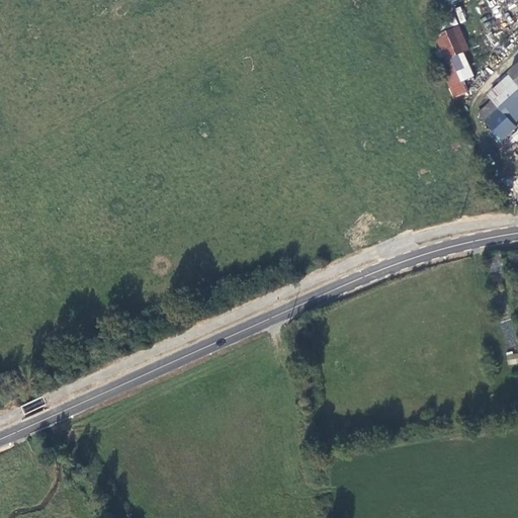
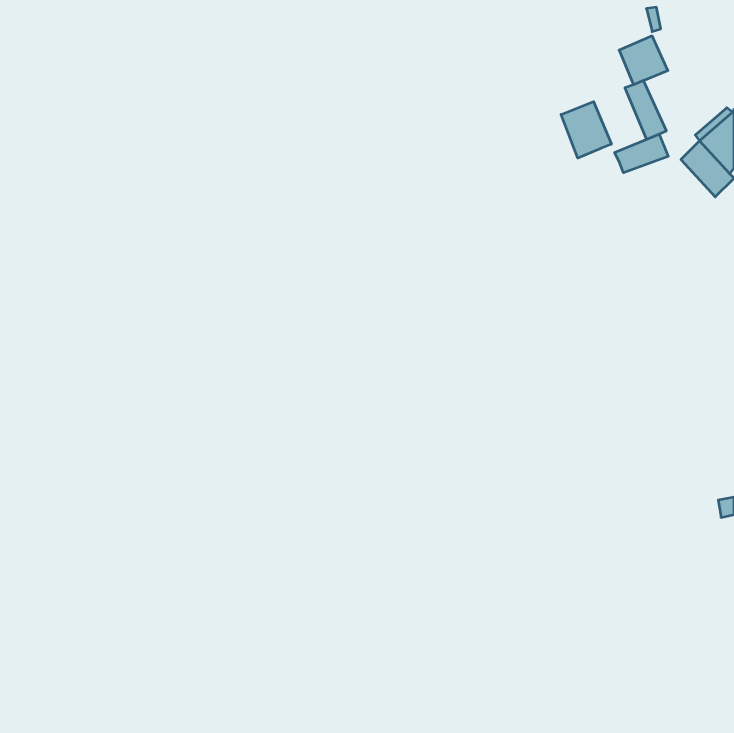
building: none -> [561,102,611,158]
building: none -> [615,134,668,173]

